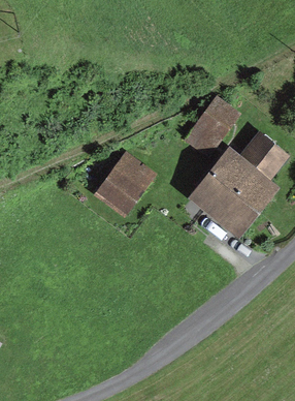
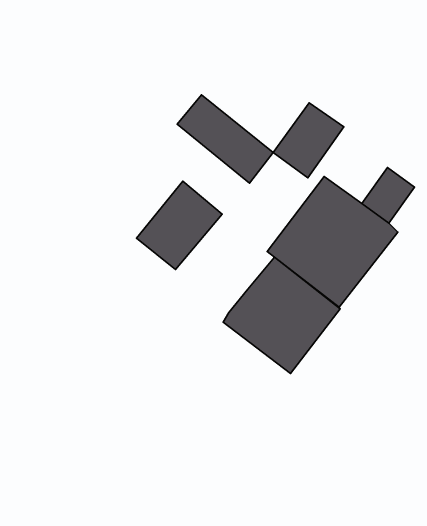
building: none -> [177,95,273,183]
building: none -> [223,257,340,373]

